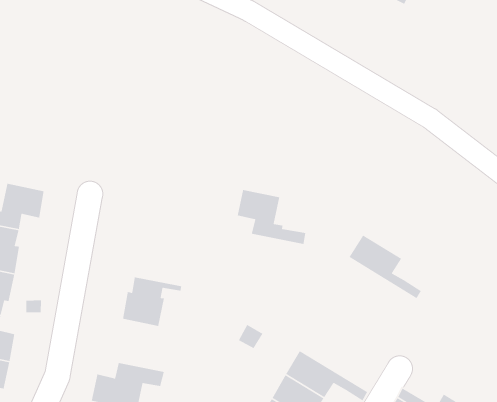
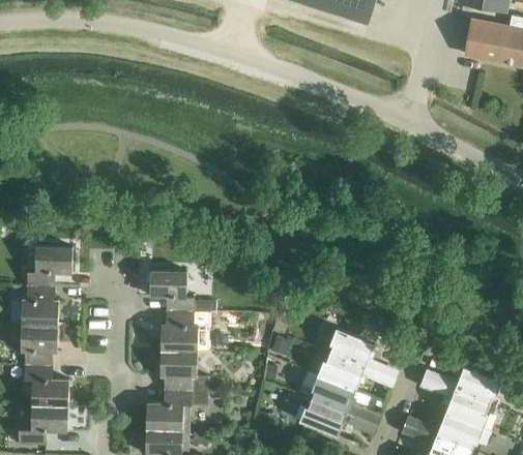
building: [237,189,306,245] -> [150,270,215,310]
building: [348,234,422,299] -> [326,327,398,376]
building: none -> [161,350,208,390]

